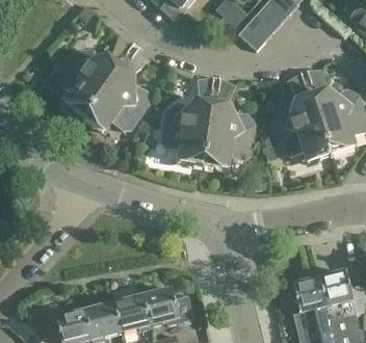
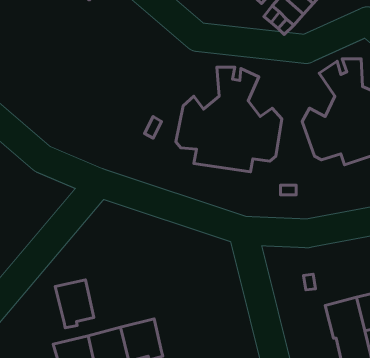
building: [58,37,148,132] -> none
building: none -> [55,280,94,328]
building: [143,288,193,324] -> none

